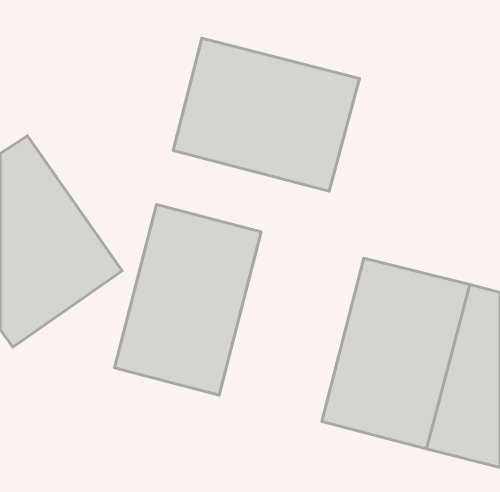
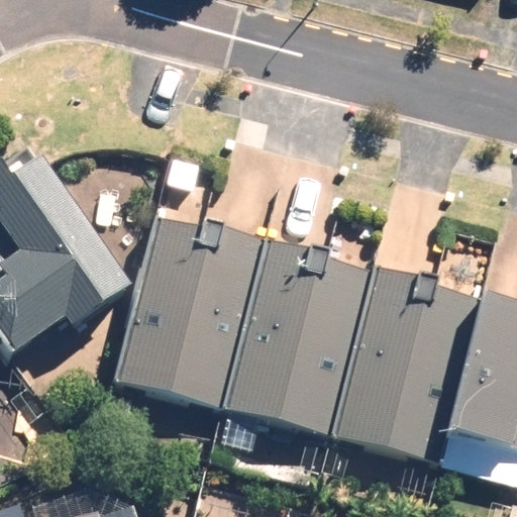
building: [173,38,359,191] -> none
building: none -> [226,239,376,435]

